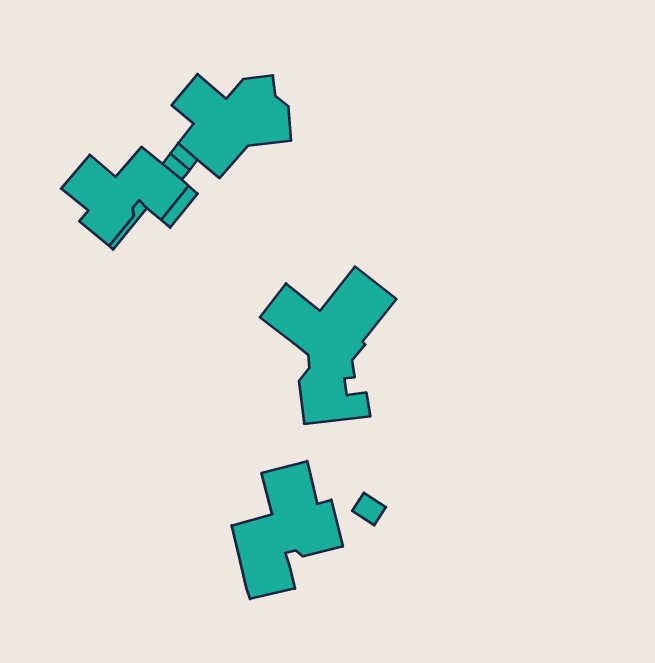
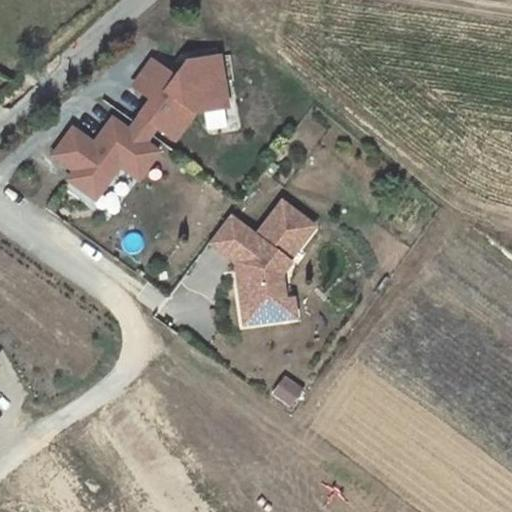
building: [232,461,343,599] -> none

